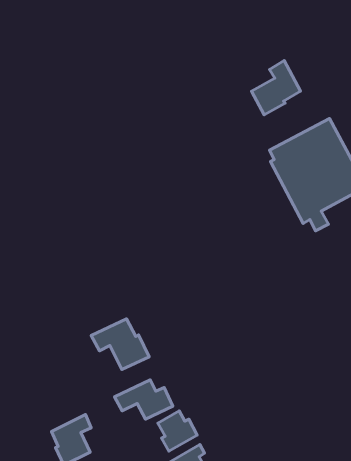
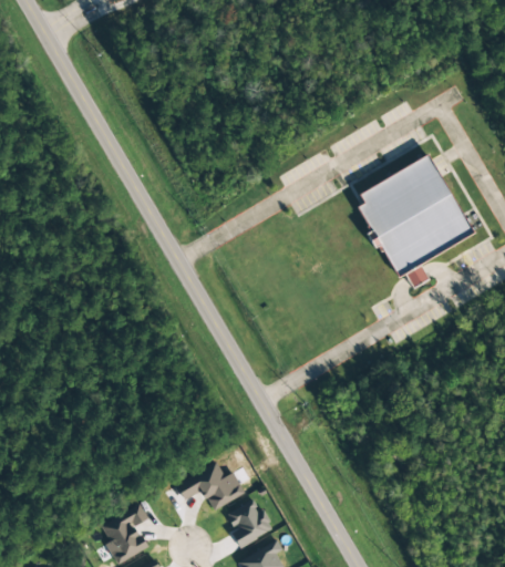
building: [252,61,301,115] -> none
building: [91,319,149,370] -> none

